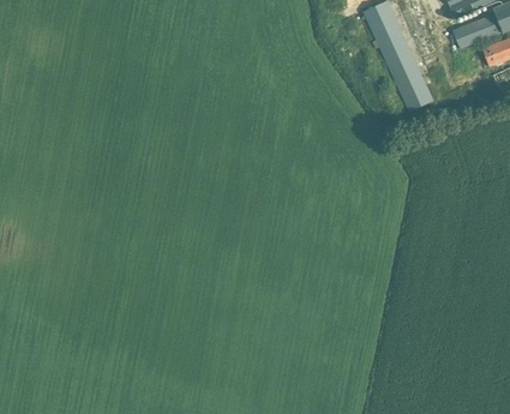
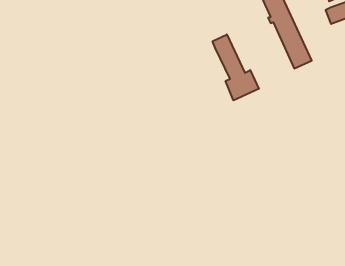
building: none -> [213,34,259,100]

